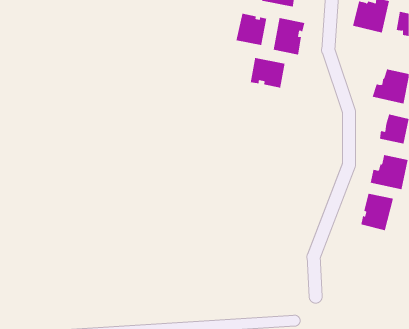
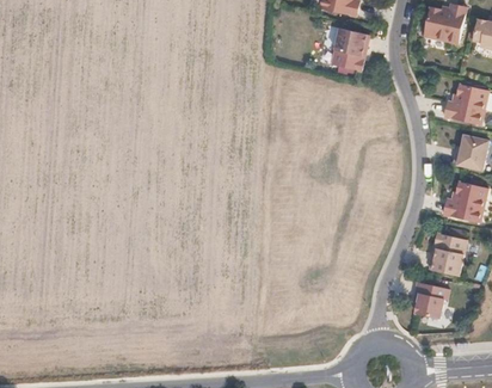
building: [236,13,267,46] -> none
building: [250,57,285,89] -> none
building: none -> [414,282,449,319]

